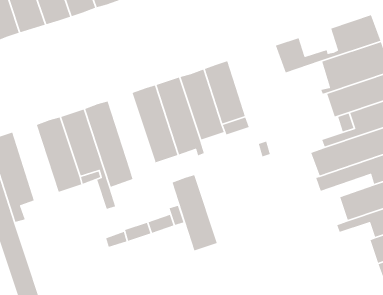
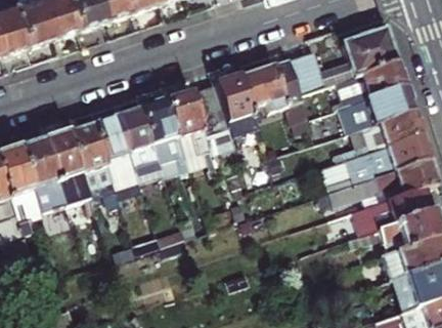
building: none -> [240,56,312,130]
building: none -> [21,137,68,215]
building: [172,174,218,251] -> [119,105,166,183]

